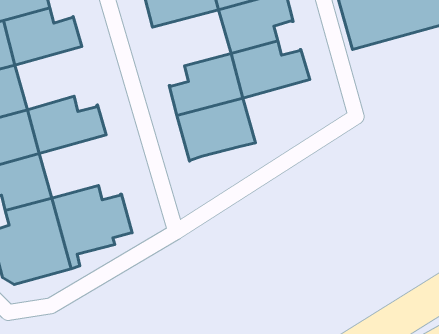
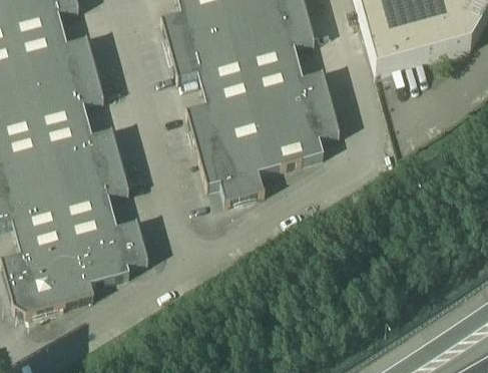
building: none -> [168,28,250,86]
building: none -> [26,66,103,131]
building: none -> [262,100,339,165]
building: none -> [51,157,128,223]
building: none -> [219,169,265,201]

